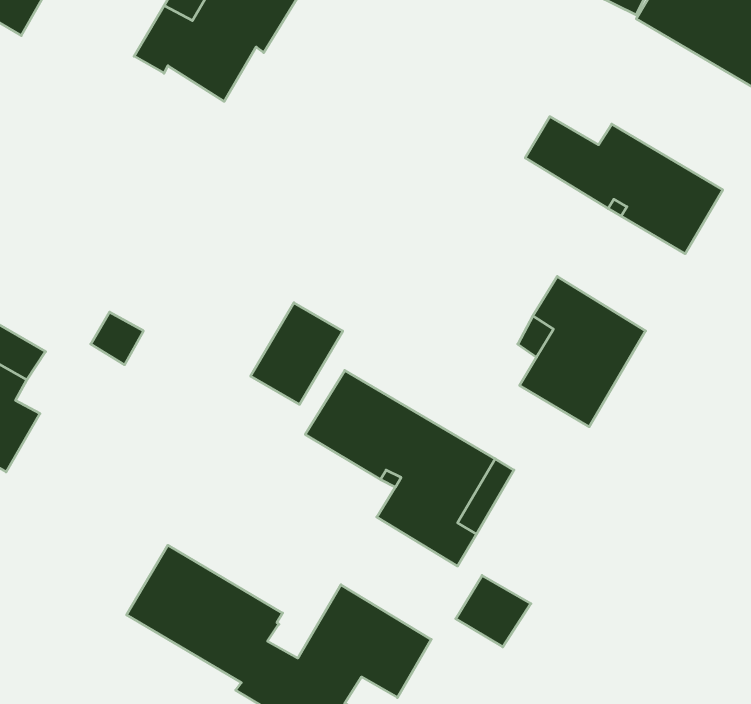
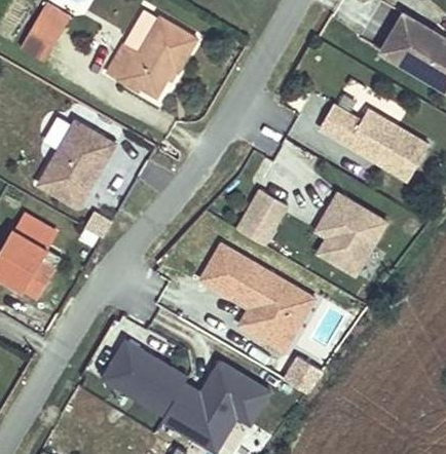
building: none -> [38,120,114,206]
building: [251,303,343,404] -> [236,189,287,244]

